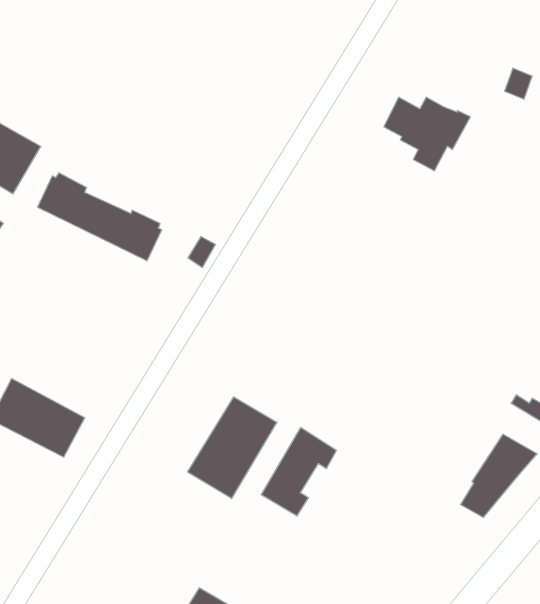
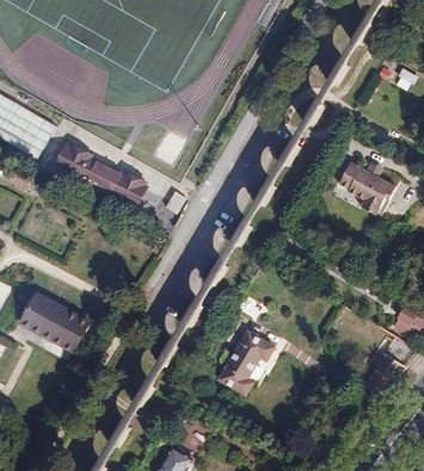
building: [384,97,470,171] -> [339,161,403,215]
building: [188,397,277,499] -> none

